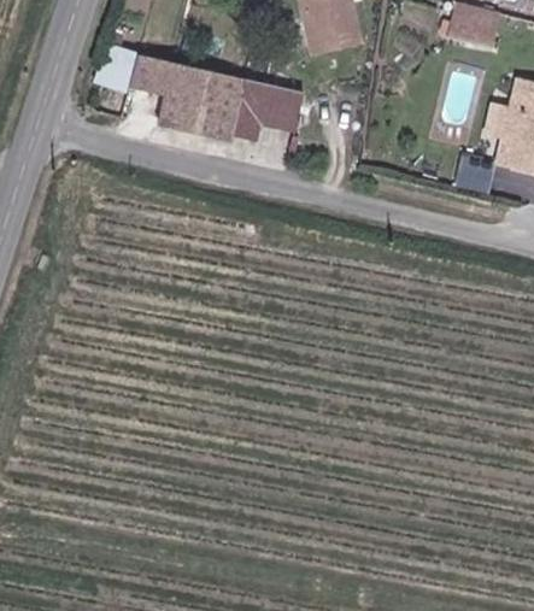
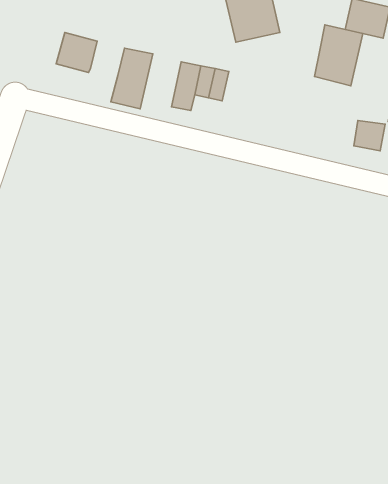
building: none -> [314,25,363,86]
building: [133,54,175,96] -> none
building: [194,70,245,146] -> none

